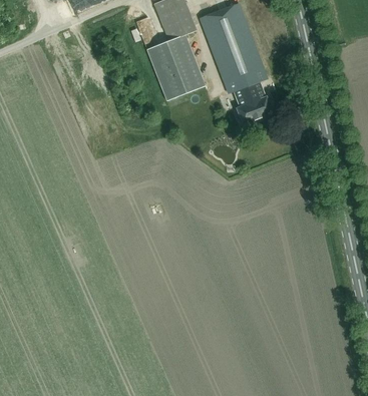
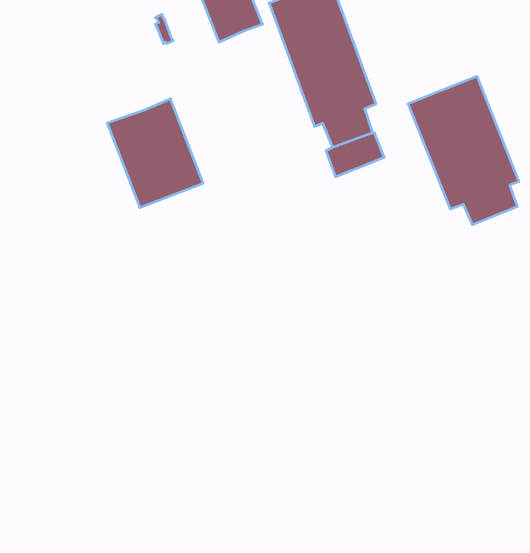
building: [146,34,206,101] -> [107,99,203,208]
building: none -> [408,76,519,225]

